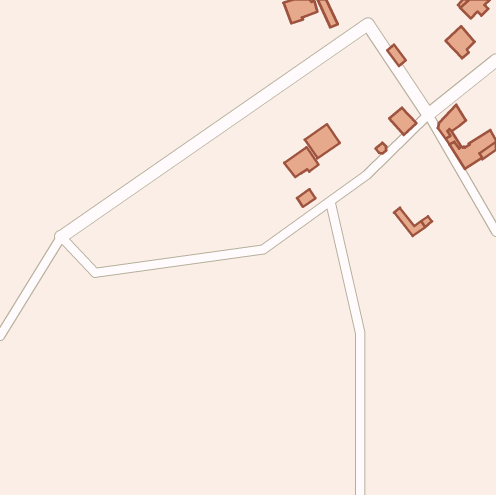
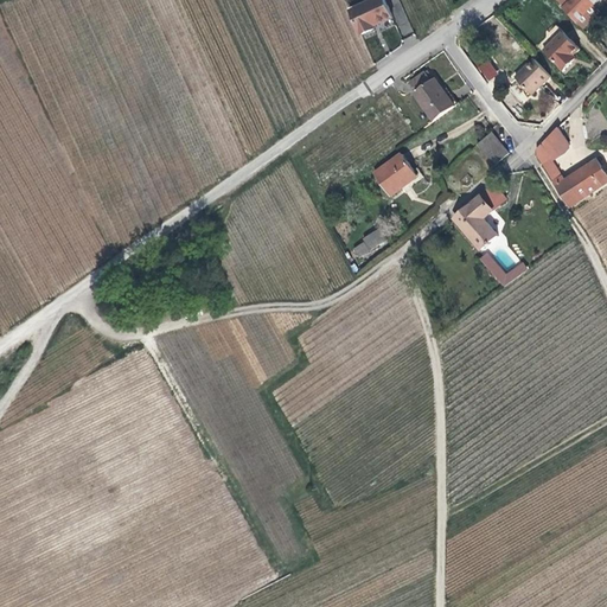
building: none -> [515,59,550,95]
building: none -> [409,71,451,119]
building: [284,147,318,177] -> none
building: none -> [454,186,505,251]

